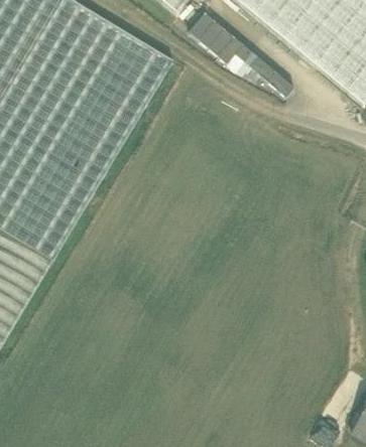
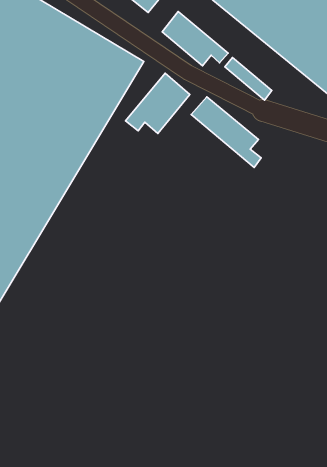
building: none -> [125,73,190,133]
building: none -> [191,97,261,167]

